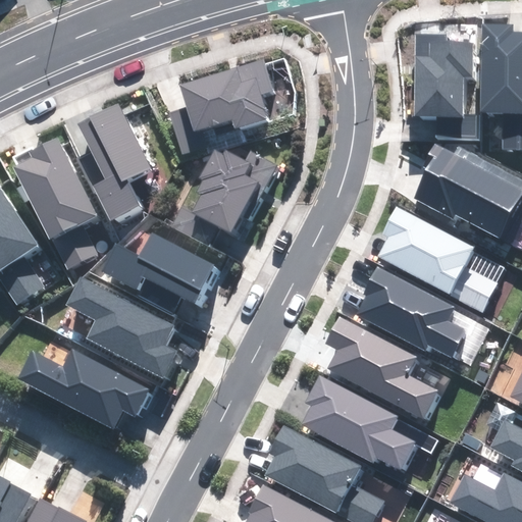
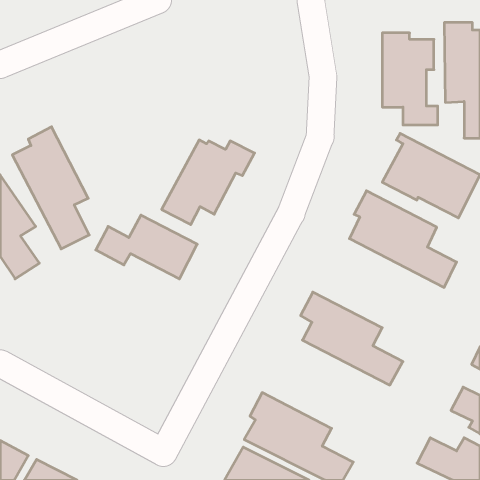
building: [170,61,272,153] -> none
building: [79,105,149,218] -> none
building: [359,268,464,356] -> none
building: [67,276,176,377] -> none
building: [18,352,149,428] -> none
building: [302,376,422,472] -> none

